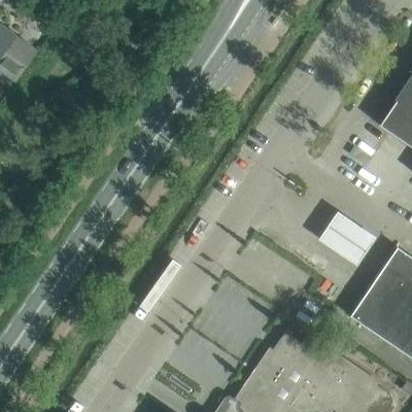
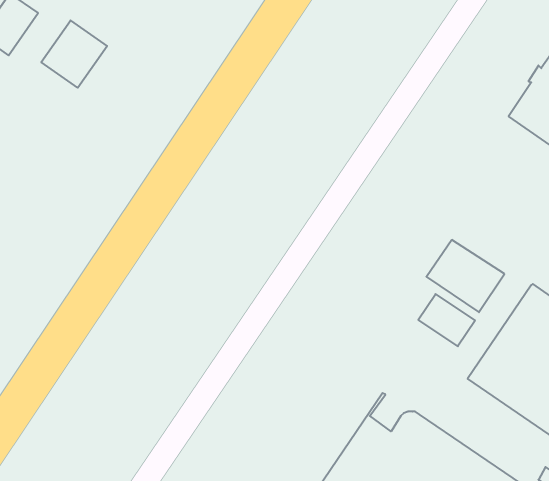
building: none -> [41,20,107,88]
building: none -> [418,294,475,346]

